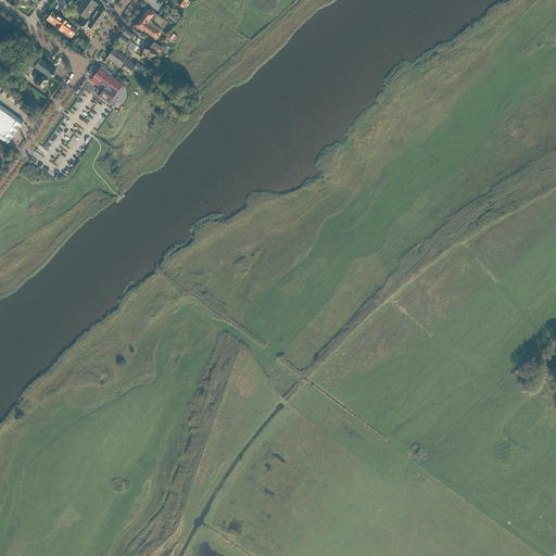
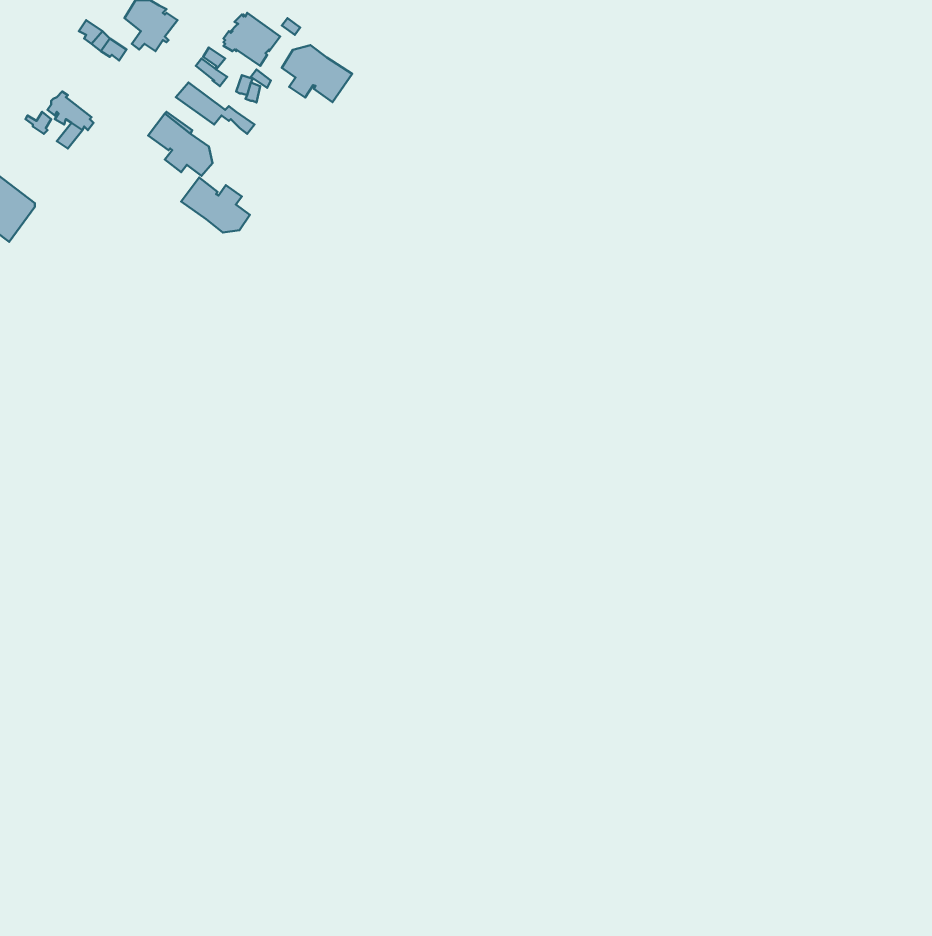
building: none -> [282,45,352,102]
building: none -> [181,177,250,233]

